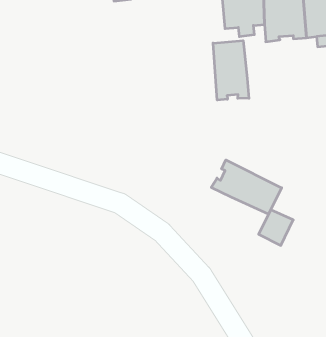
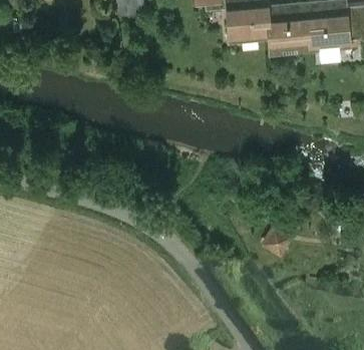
building: [213,41,249,100] -> none
building: [211,160,282,214] -> none

